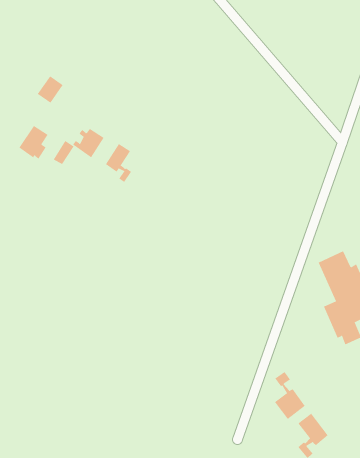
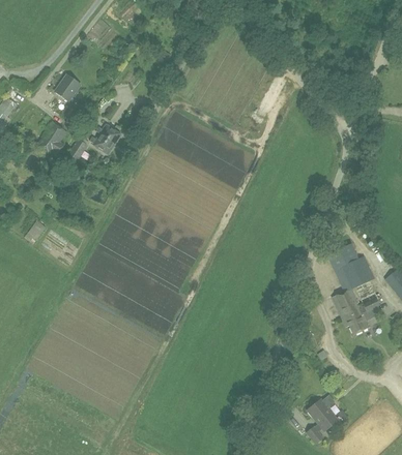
building: [105,143,132,183] -> none
building: [274,371,306,420] -> none

